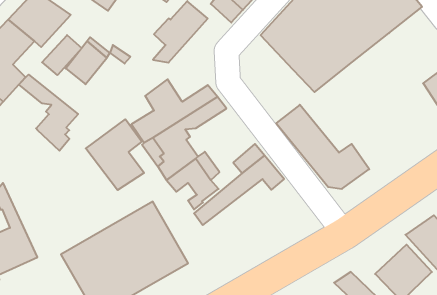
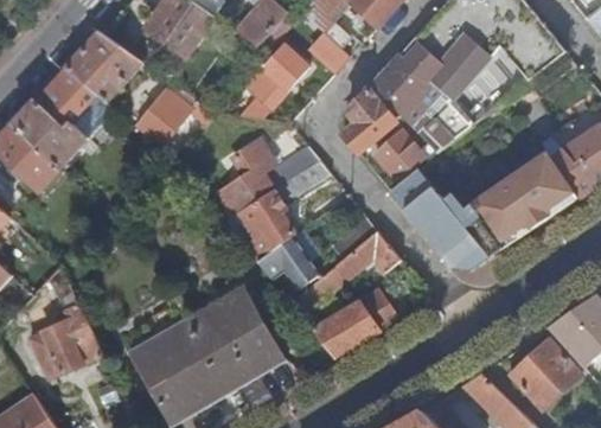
building: [42,35,82,75] -> none
building: none -> [343,88,395,153]
building: none -> [373,132,423,181]
building: [19,75,78,151] -> none
building: none -> [471,149,577,248]
building: [86,119,144,190] -> none
building: none -> [312,288,398,357]

